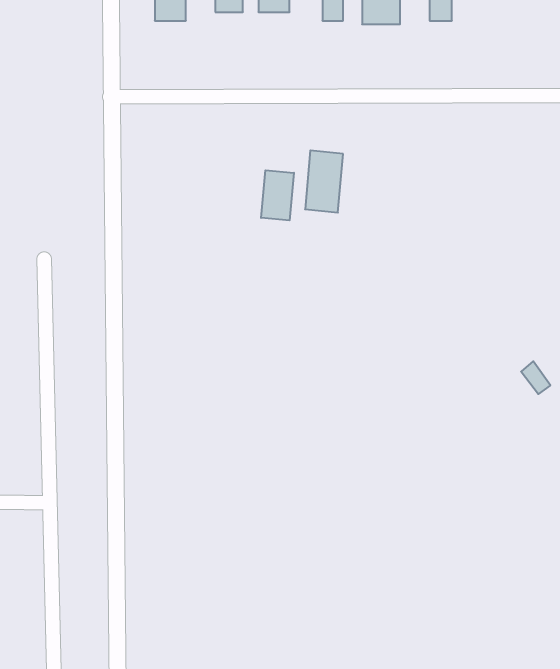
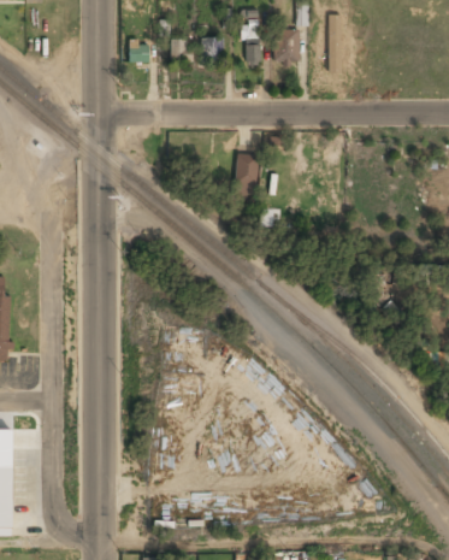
building: [261,170,294,220] -> none

